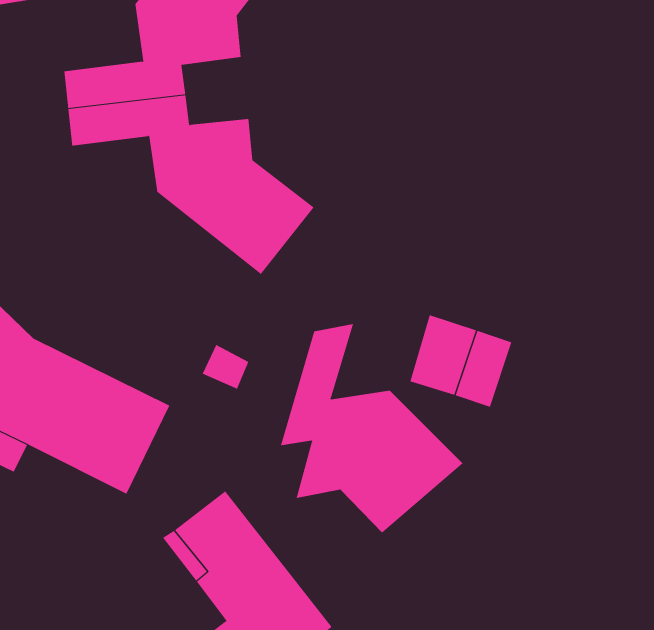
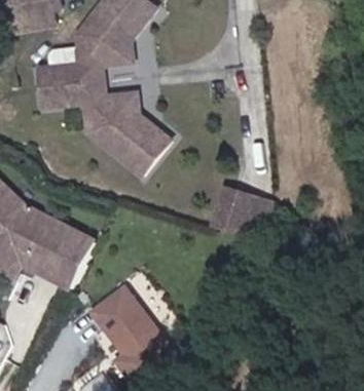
building: [280,323,464,534] -> none

